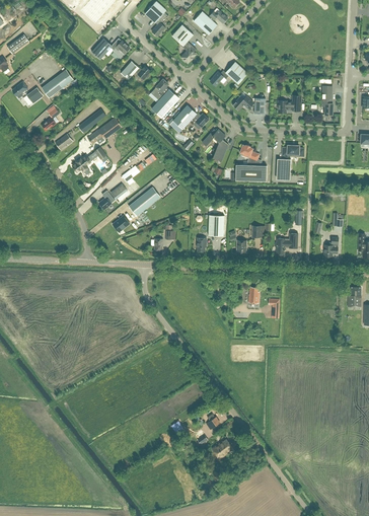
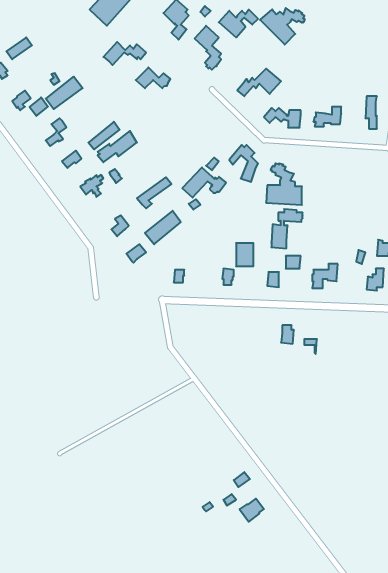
building: none -> [260,8,304,45]
building: [152,79,179,118] -> none
building: [170,105,209,132] -> [182,167,226,198]
building: [277,145,304,179] -> [271,209,303,248]

